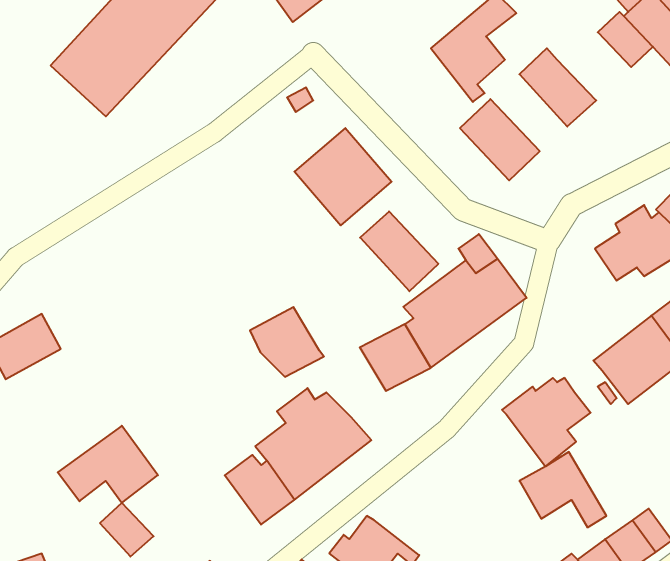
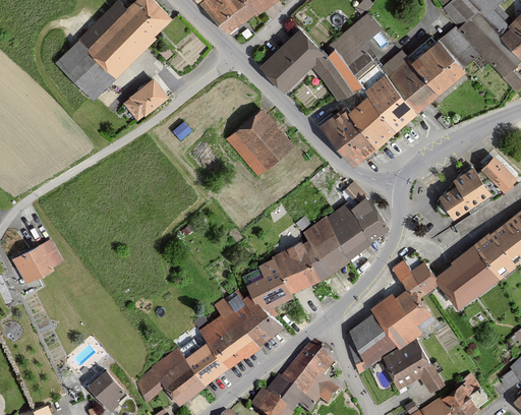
building: none -> [258,29,351,101]
building: none -> [410,38,462,90]
building: none -> [354,61,417,125]
building: none -> [122,78,167,122]
building: [360,211,438,291] -> [322,109,377,165]
building: [250,307,324,377] -> [241,262,293,311]
building: none -> [394,257,442,294]
building: none -> [347,309,402,371]
building: [58,426,158,503] -> [132,352,202,406]
building: none -> [282,346,338,408]

